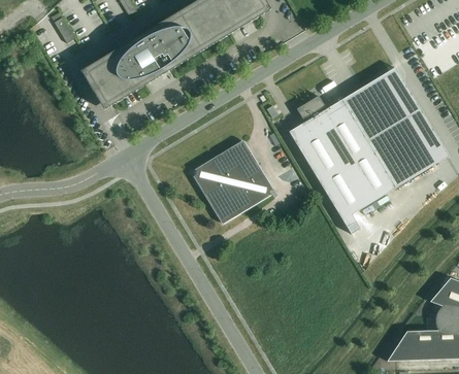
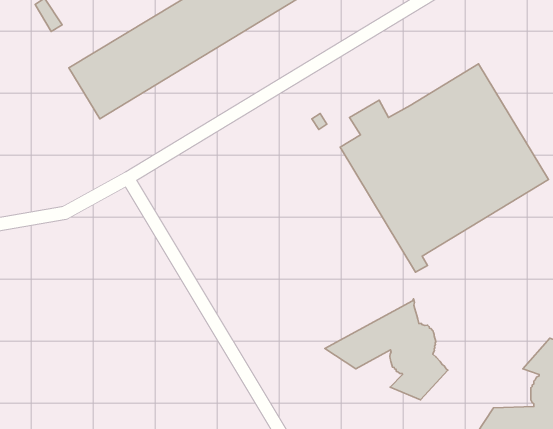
building: [194,140,271,223] -> none
building: none -> [325,299,448,400]

